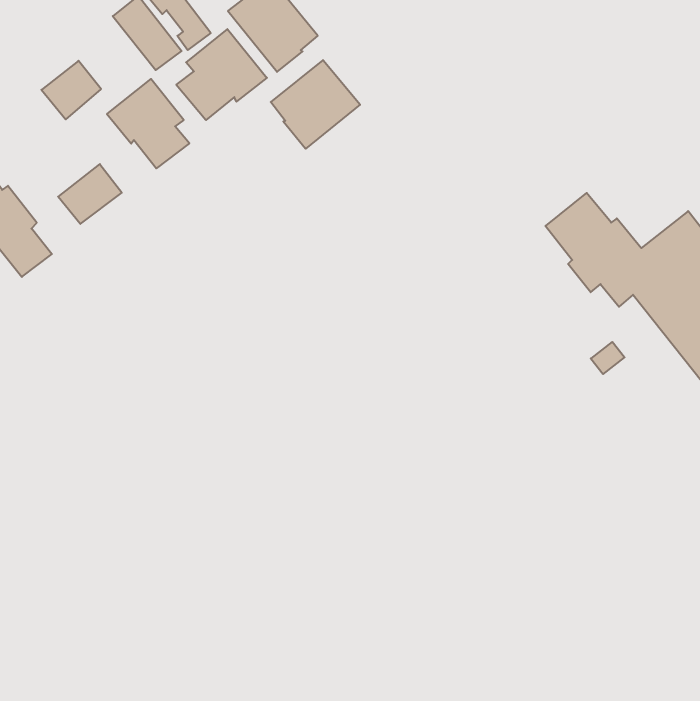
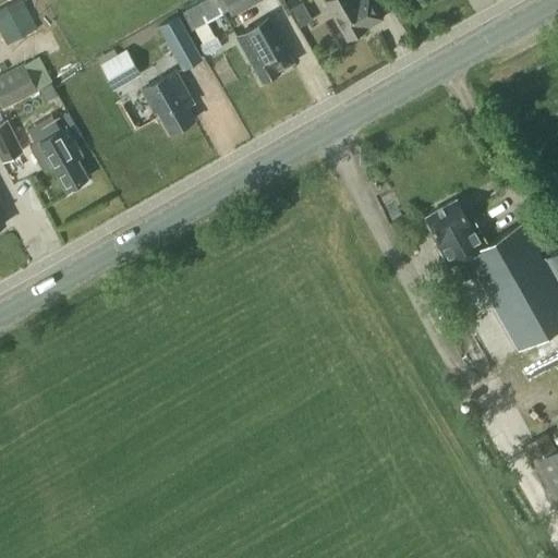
building: [176,29,267,120] -> none
building: [271,60,360,149] -> none
building: [58,164,122,224] -> none

